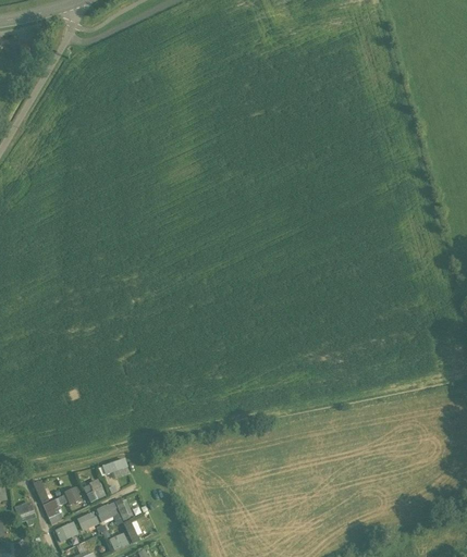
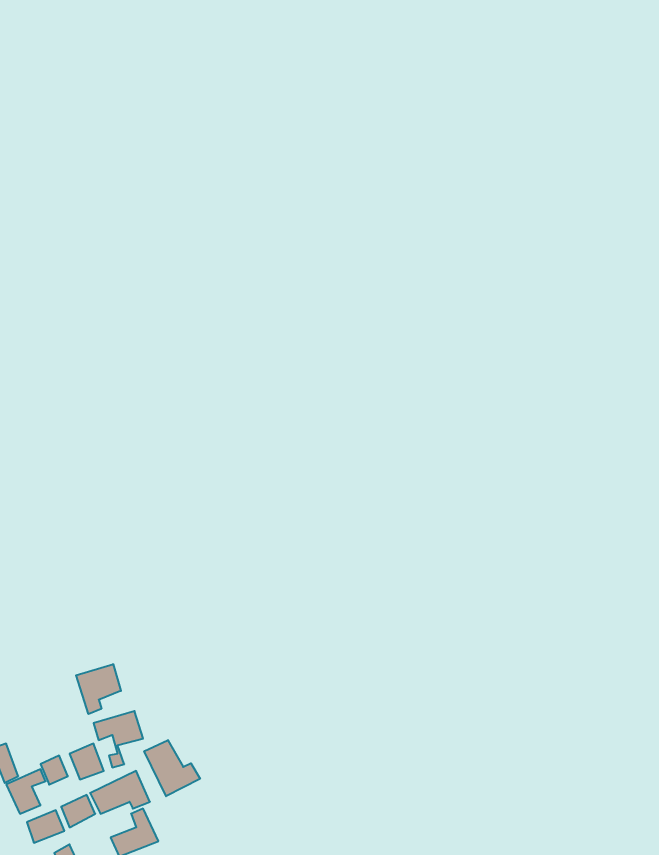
building: none -> [76,664,121,714]
building: none -> [144,740,200,796]

